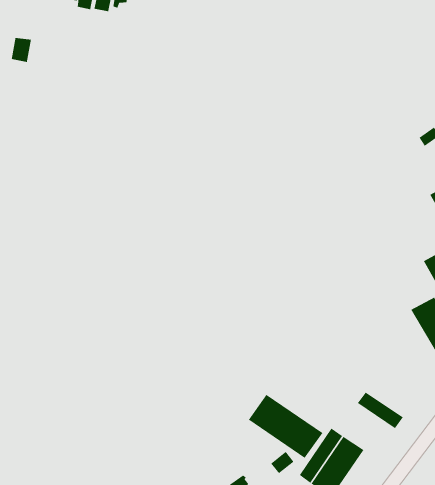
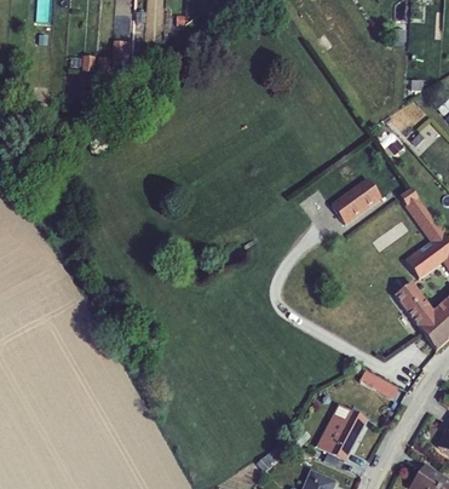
building: none -> [330,177,384,224]
building: [248,394,323,459] -> none

